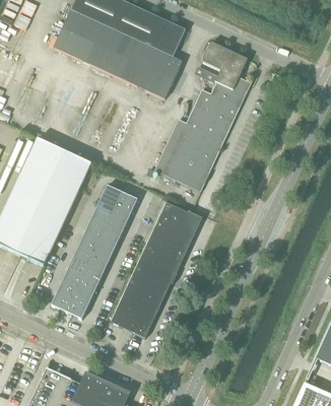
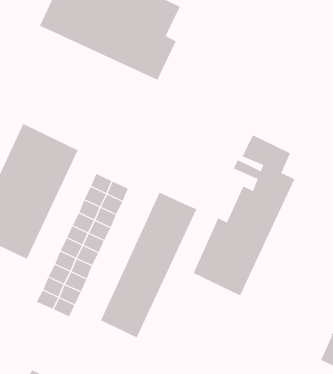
building: [155,41,251,191] -> [193,135,295,296]

